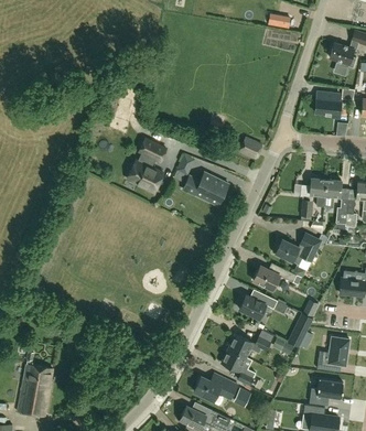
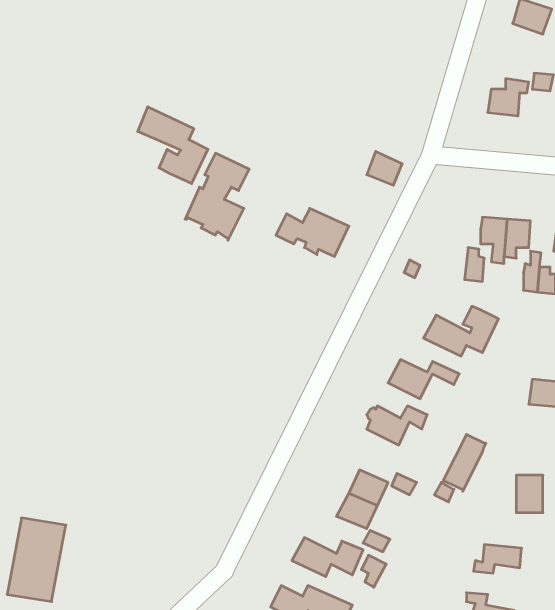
building: none -> [138,107,208,184]

